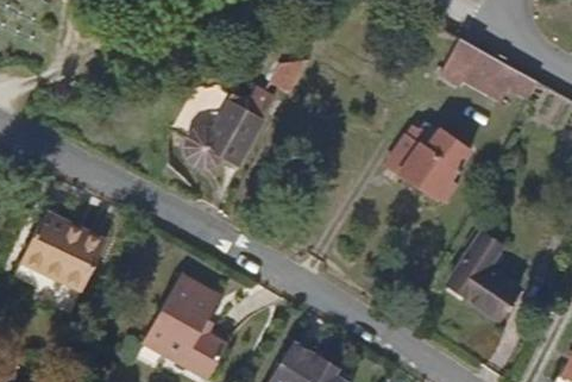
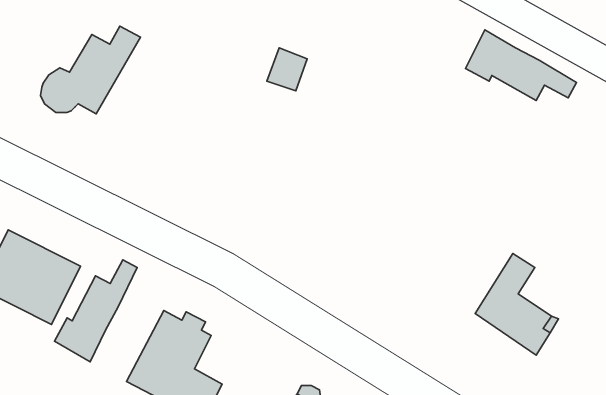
building: [188,90,274,165] -> [40,26,141,114]
building: [382,121,464,200] -> none
building: none -> [55,260,137,362]

